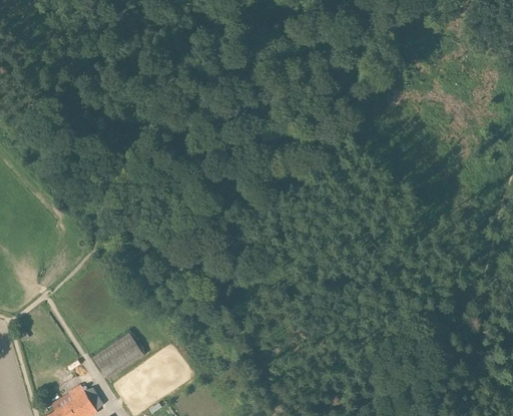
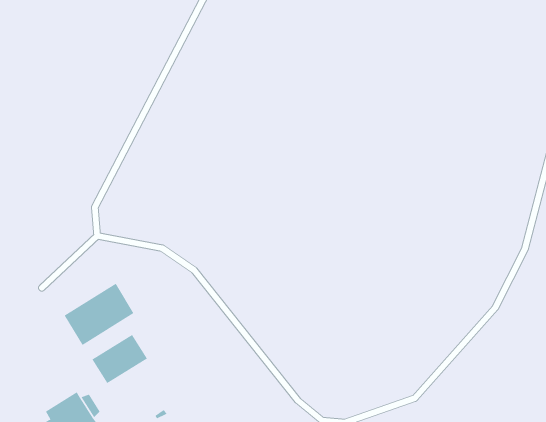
building: none -> [64,283,134,346]

